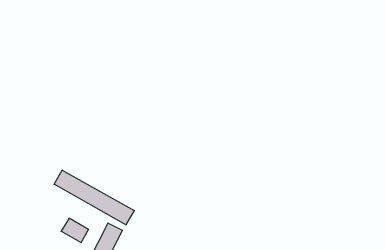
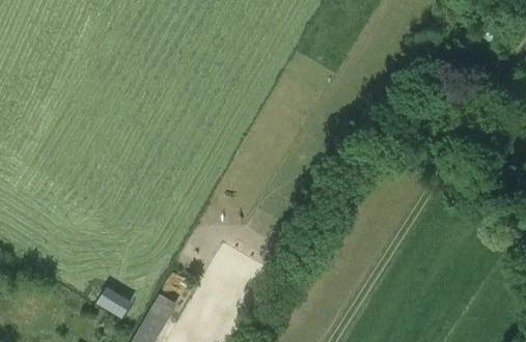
building: [54,170,134,225] -> none

